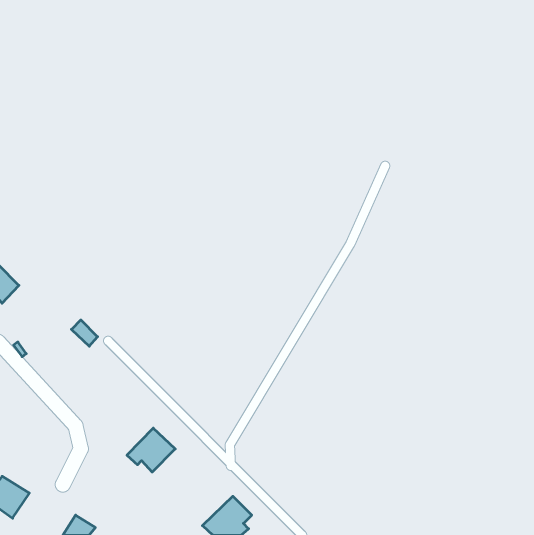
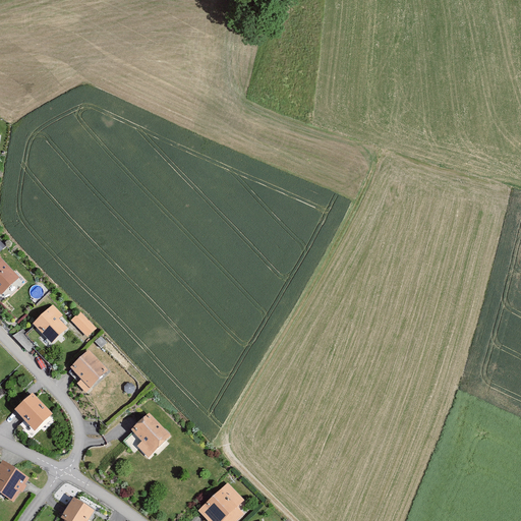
building: none -> [32,304,67,344]
building: none -> [69,349,108,392]
building: none -> [15,394,52,430]

